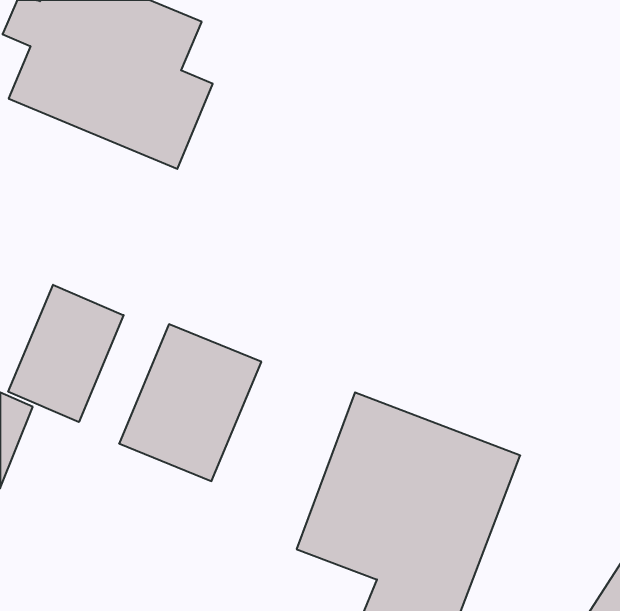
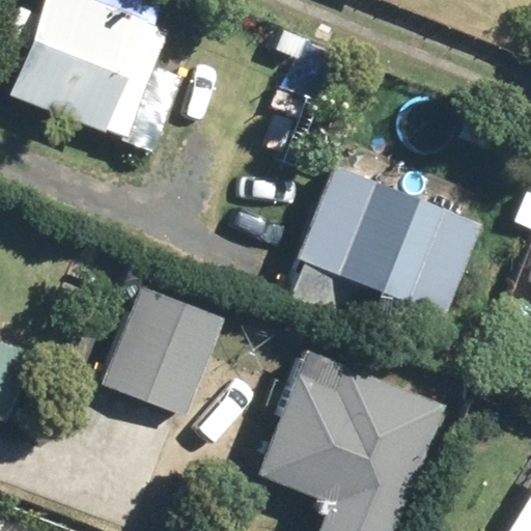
building: none -> [285,159,484,328]
building: [8,285,124,422] -> none

